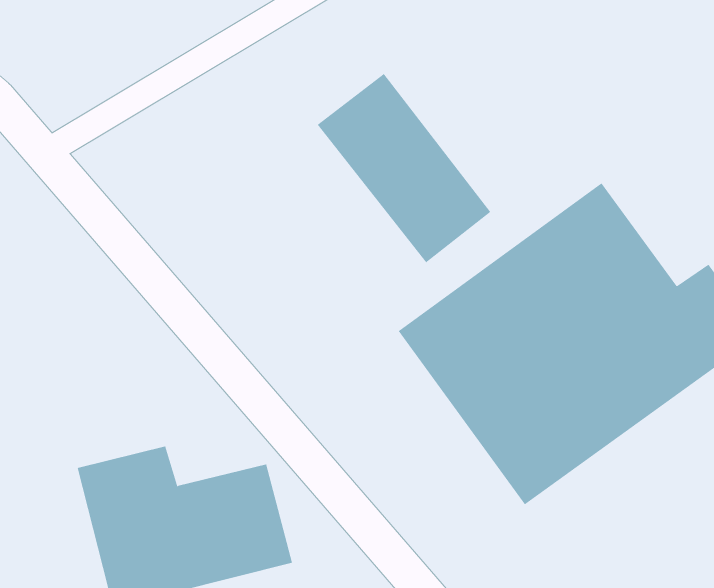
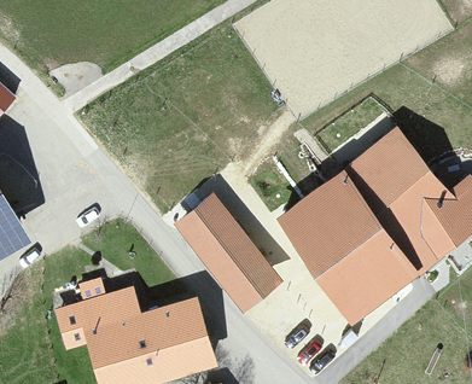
building: [317,73,491,263] -> [177,197,284,313]

